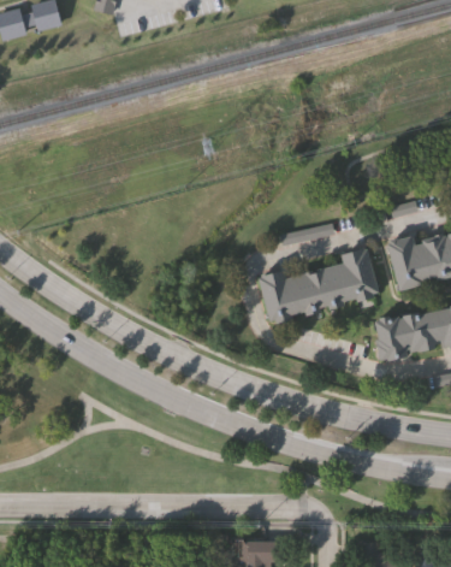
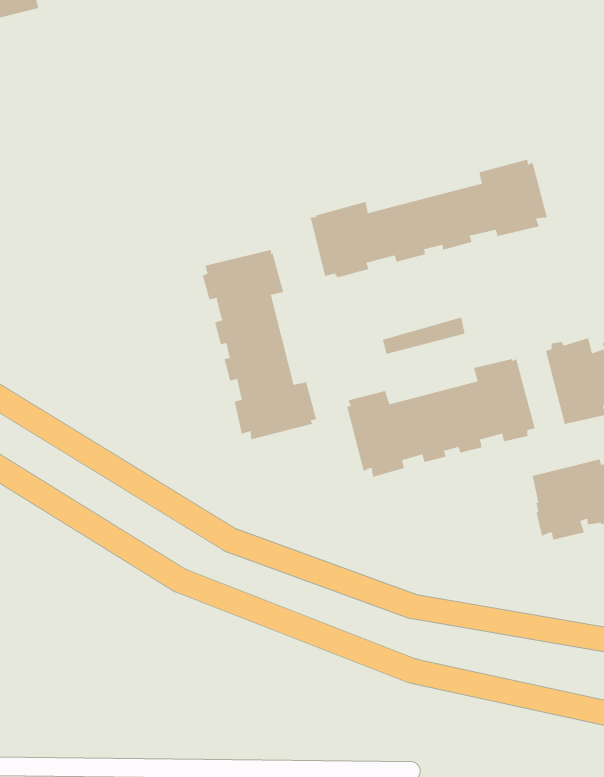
building: none -> [310,159,547,278]
building: none -> [202,249,317,440]

